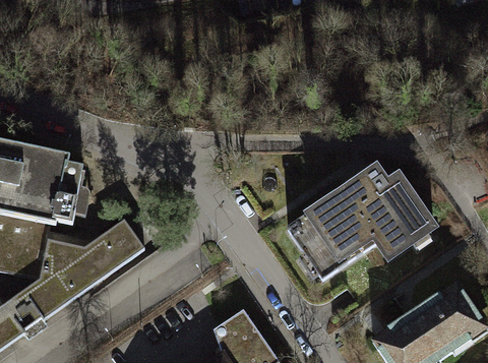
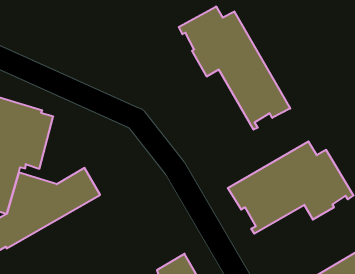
building: none -> [179,6,290,130]

